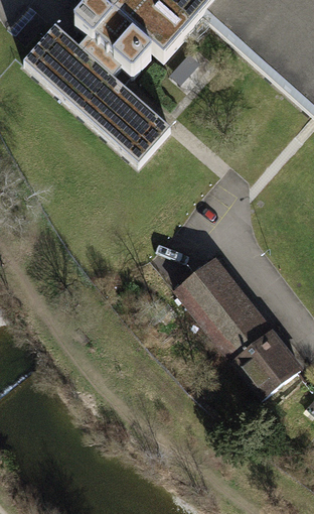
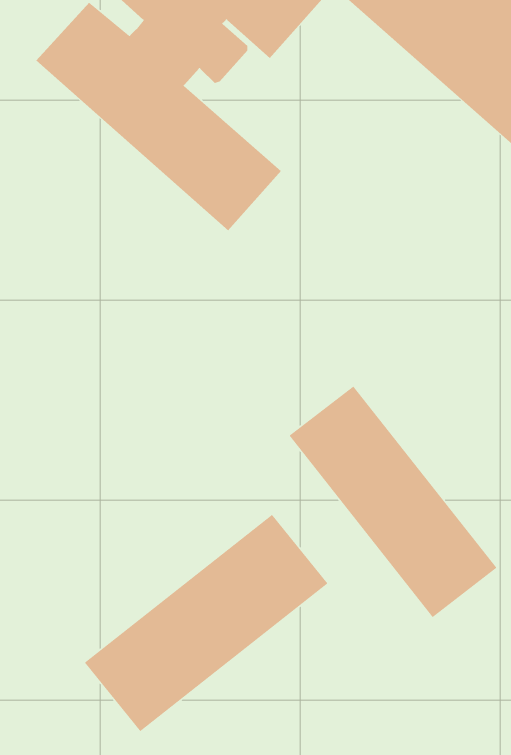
building: none -> [84,514,328,732]

